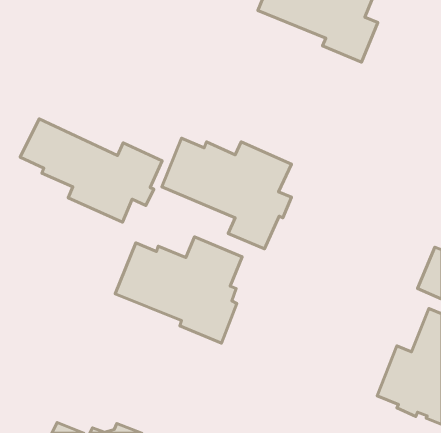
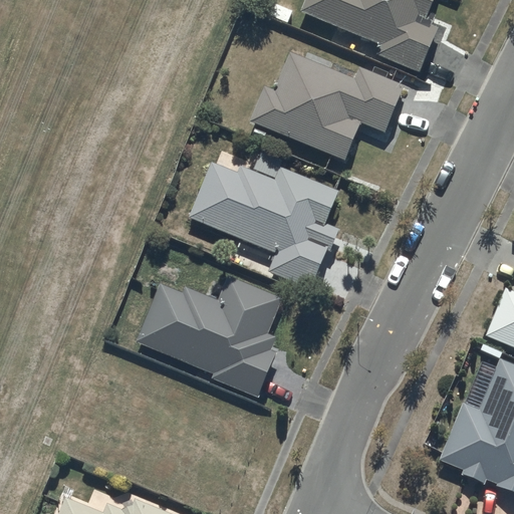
building: none -> [249,51,403,161]
building: [20,119,162,222] -> none

